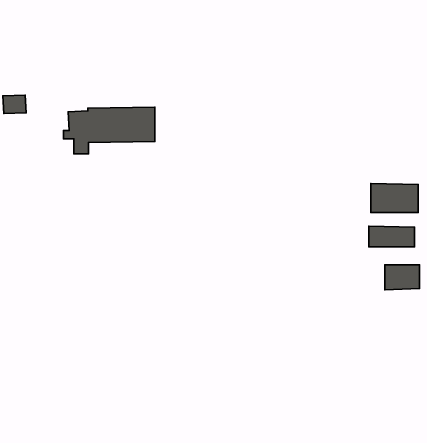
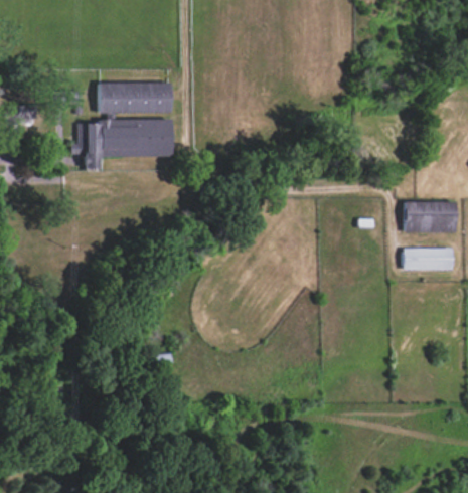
building: none -> [99,83,171,113]
building: [385,265,420,290] -> none

